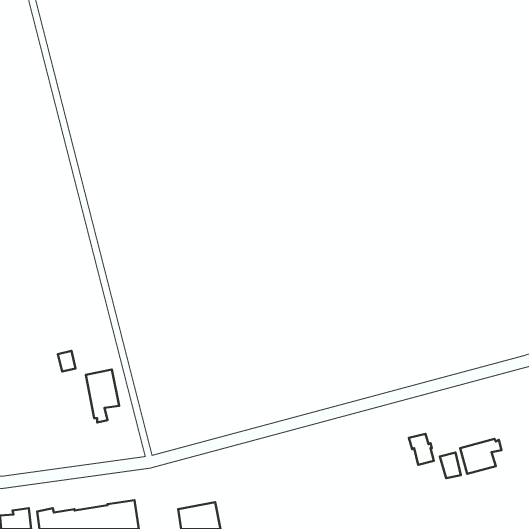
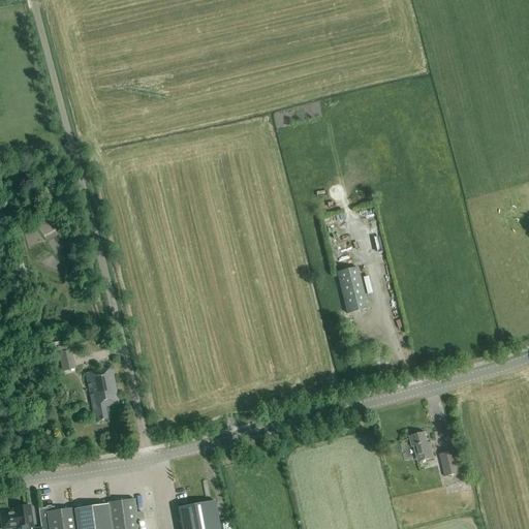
building: none -> [337,268,367,314]
building: [460,439,502,474] -> none

